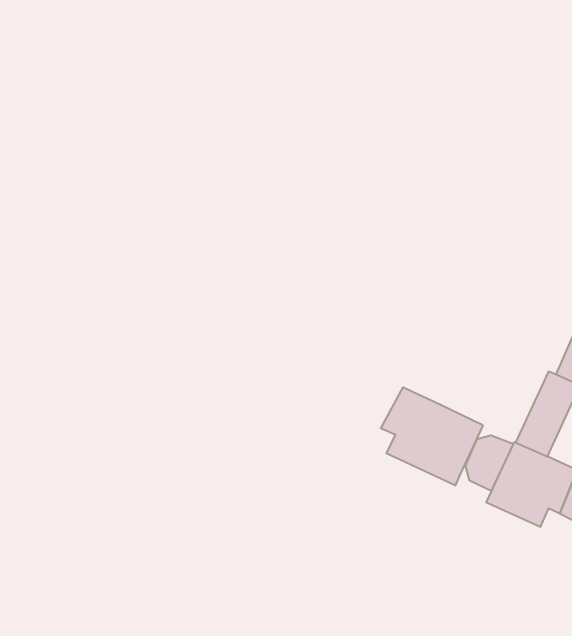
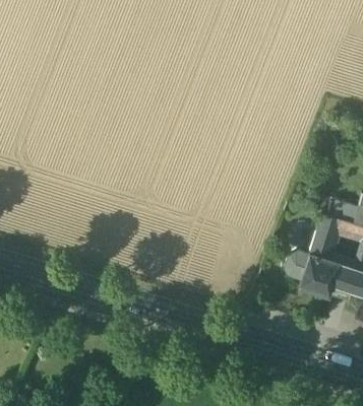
building: [381,387,483,486] -> none

